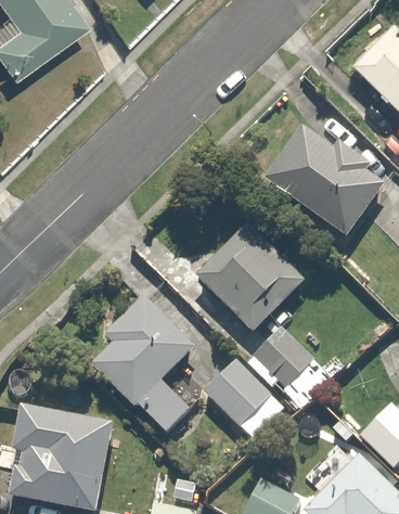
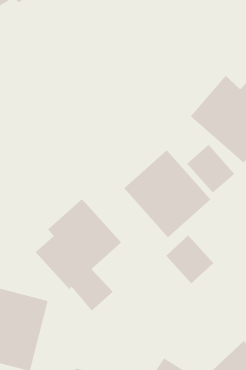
building: none -> [186,144,235,193]
building: [203,358,286,440] -> none

